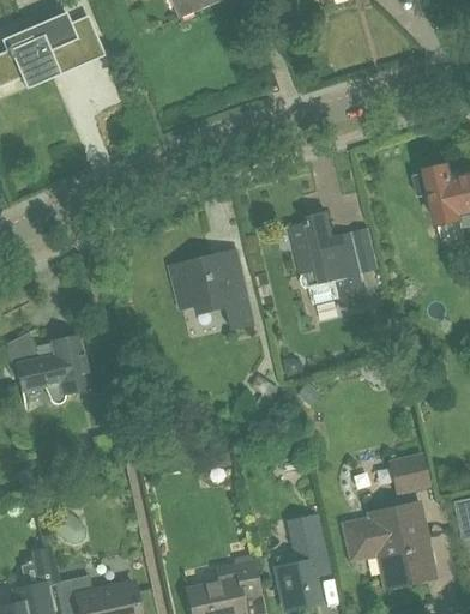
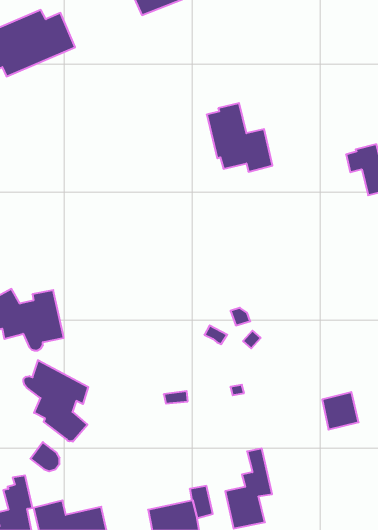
building: [289,212,364,291] -> [207,103,272,172]
building: [169,249,255,326] -> none
building: none -> [23,360,88,442]
building: [343,500,435,586] -> none

